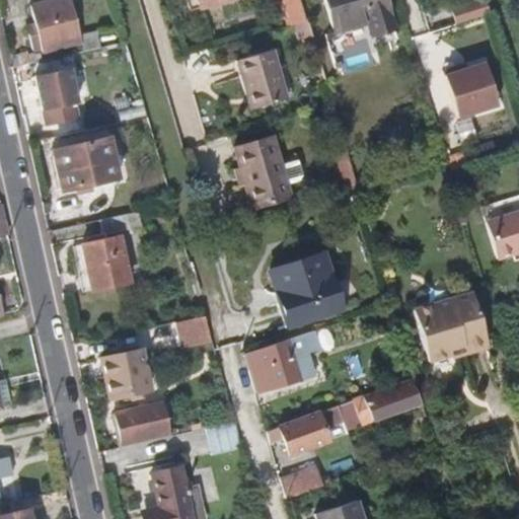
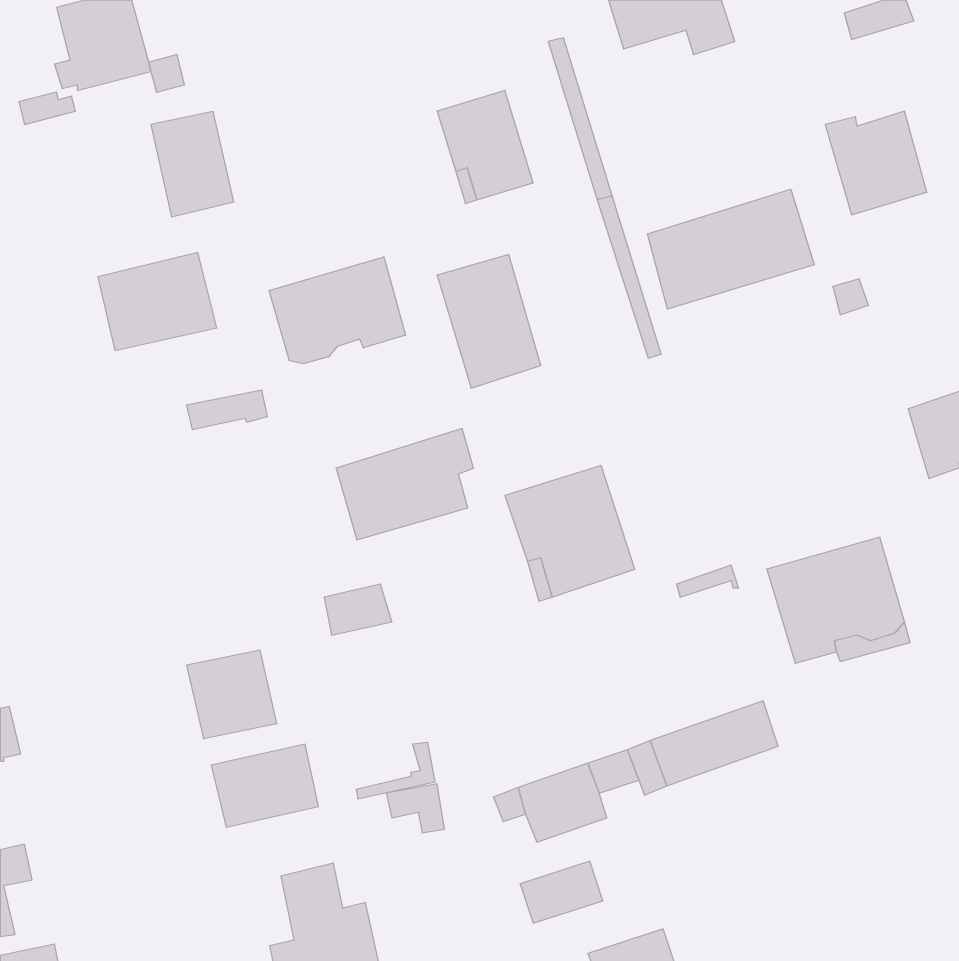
building: [38,69,82,126] -> [151,111,234,217]
building: none -> [647,189,814,309]
building: none -> [269,257,405,364]
building: [79,236,131,291] -> none
building: [245,331,319,391] -> [336,429,474,540]

